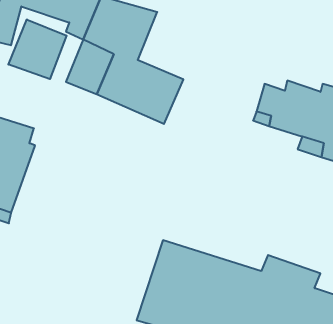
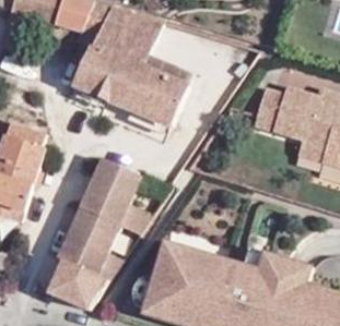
building: [8,19,67,79] -> none
building: none -> [48,159,151,310]

